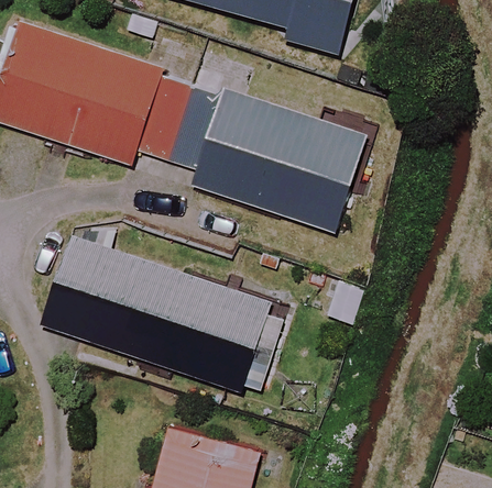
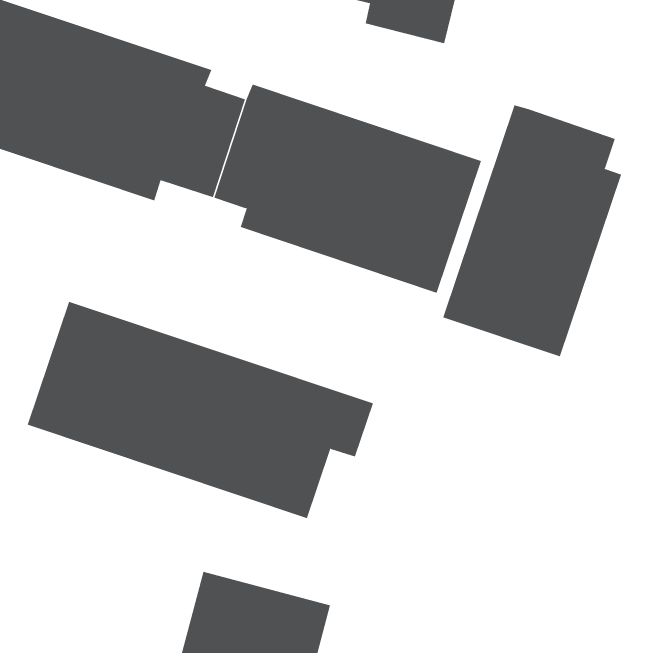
building: none -> [442,105,622,357]

